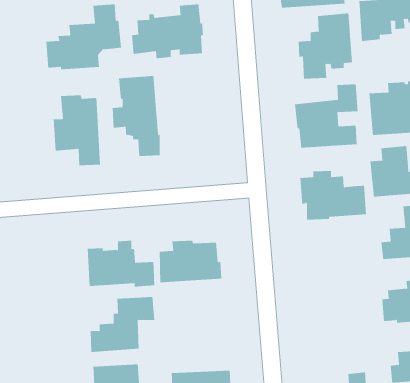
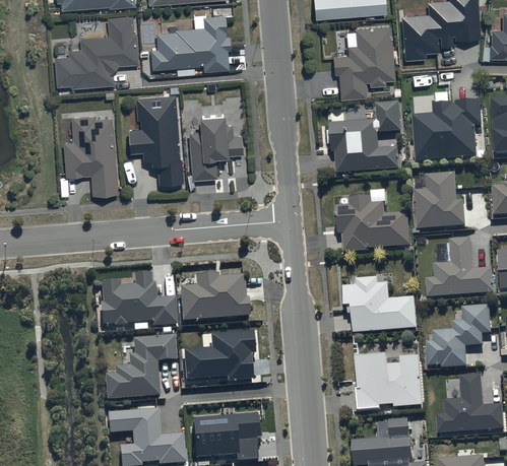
building: none -> [188,108,242,178]
building: none -> [342,278,417,333]
building: none -> [184,332,255,383]
building: none -> [356,338,423,412]

